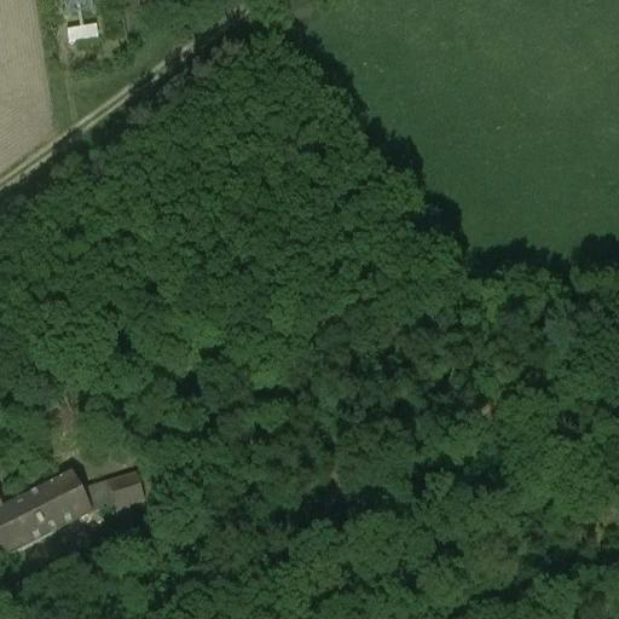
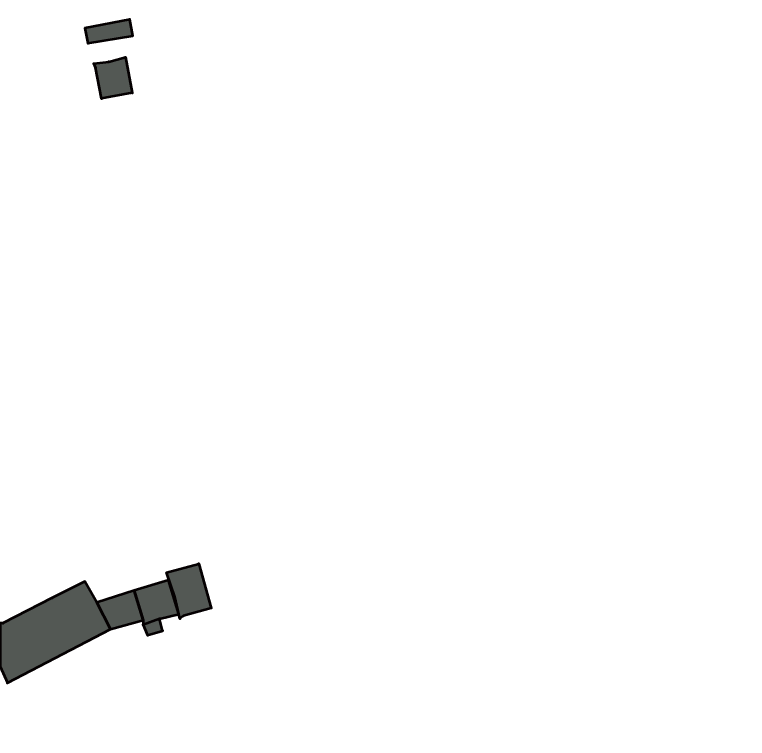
building: none -> [94,57,132,99]
building: none -> [167,564,211,619]

